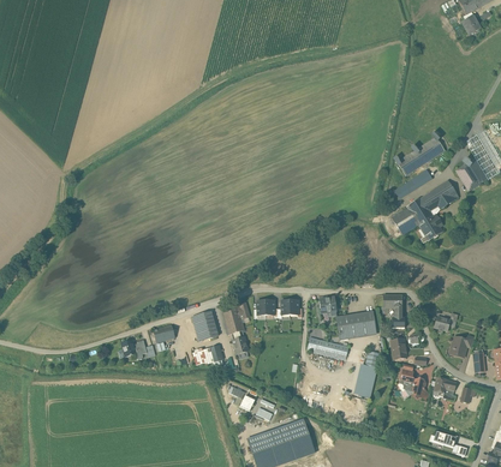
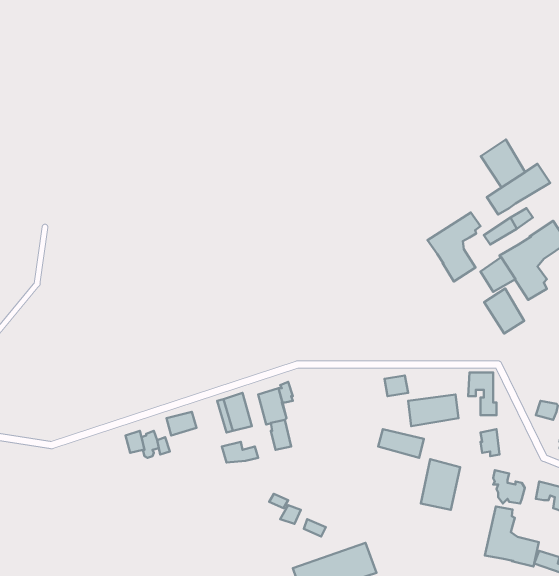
building: none -> [481,139,525,188]
building: none -> [427,213,481,282]
building: none -> [484,288,524,334]
building: none -> [485,507,539,567]

